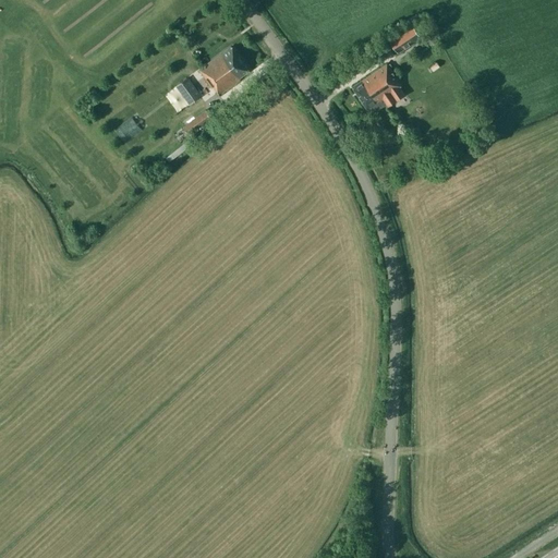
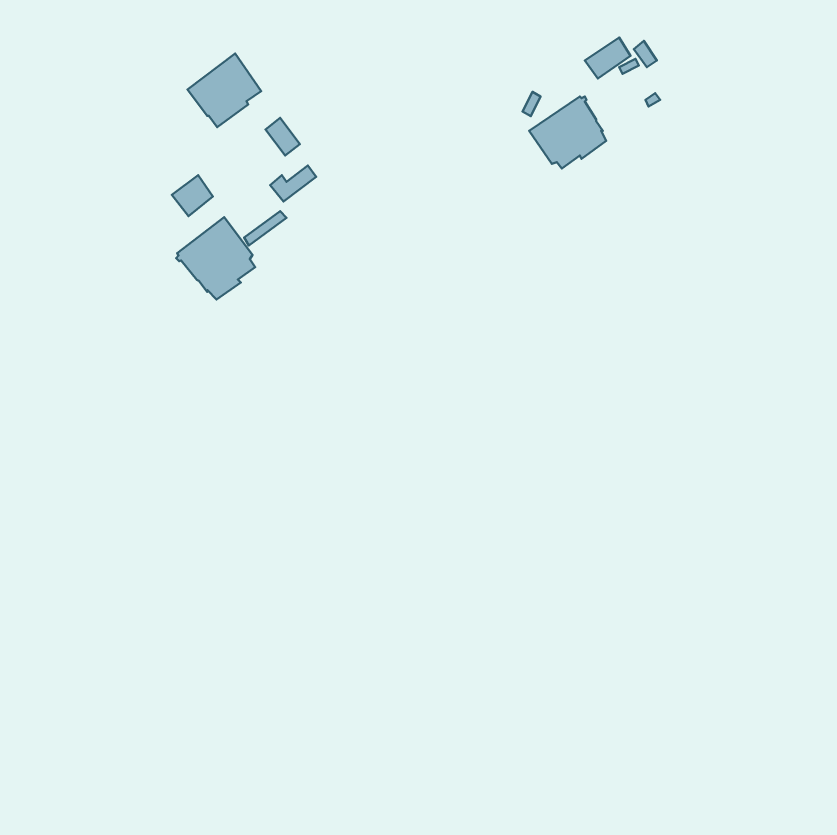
building: [199,47,248,96] -> [188,54,261,127]
building: none -> [176,217,255,299]

